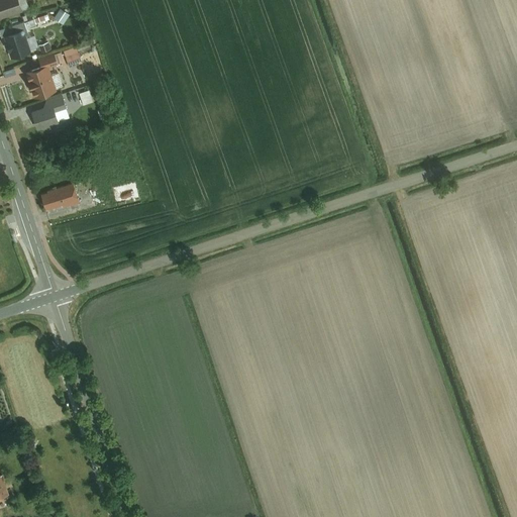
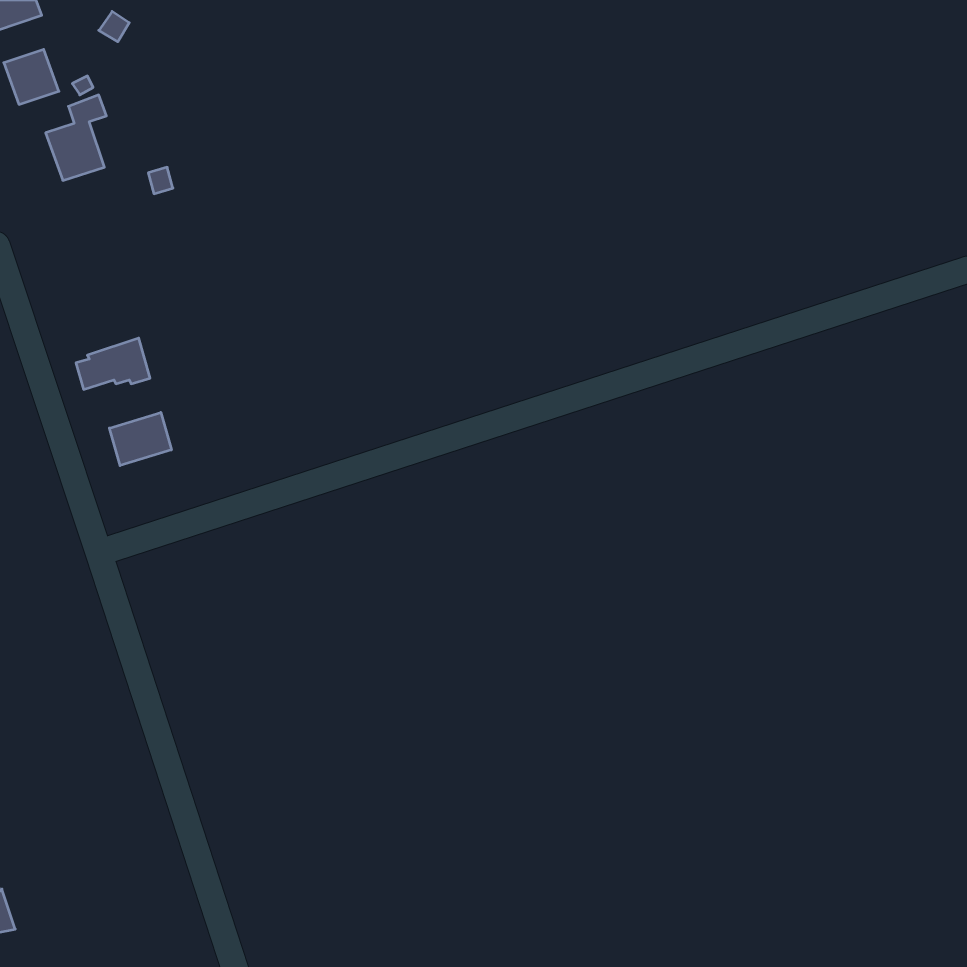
building: [31,94,67,129] -> none
building: none -> [109,412,171,466]

